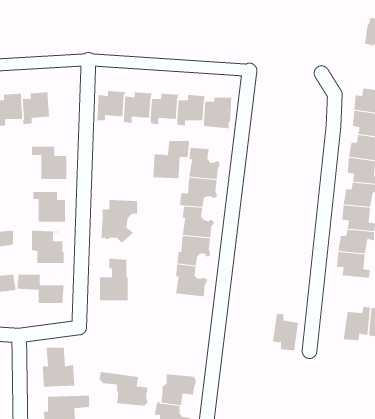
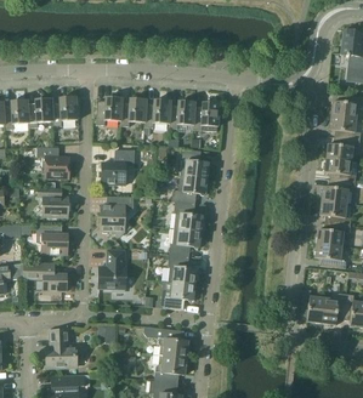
building: none -> [52,96,78,126]
building: [153,140,190,179] -> [101,149,135,184]
building: none -> [163,282,194,309]
building: [272,314,299,351] -> [300,289,324,323]
building: [99,372,148,406] -> [143,325,188,357]

